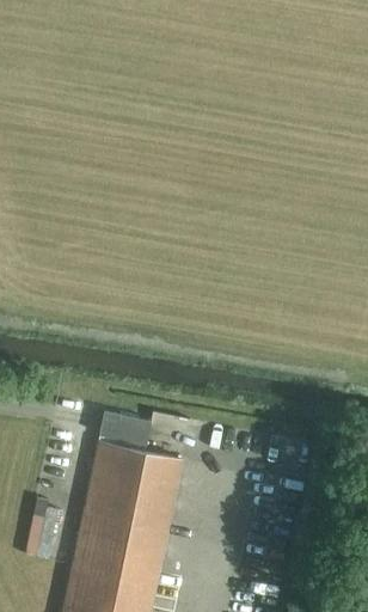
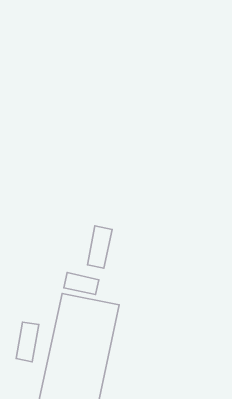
building: none -> [87,226,112,268]

